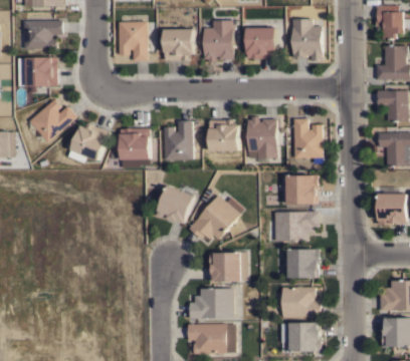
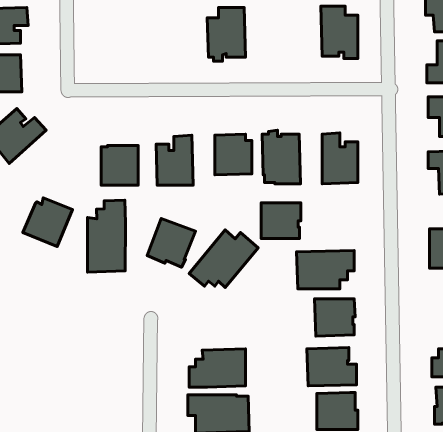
building: [119,21,147,60] -> none
building: [246,27,276,59] -> none
building: [164,29,193,60] -> none
building: [70,122,110,160] -> [23,198,73,247]
building: none -> [88,200,125,272]
building: [286,175,318,204] -> [261,203,301,239]
building: [209,252,247,282] -> none

